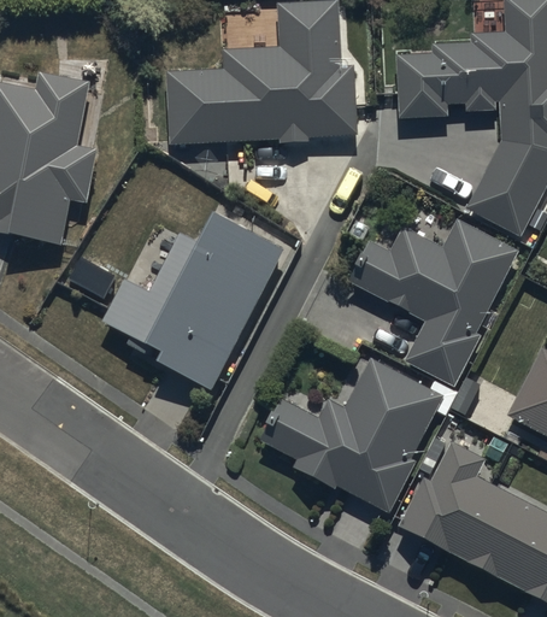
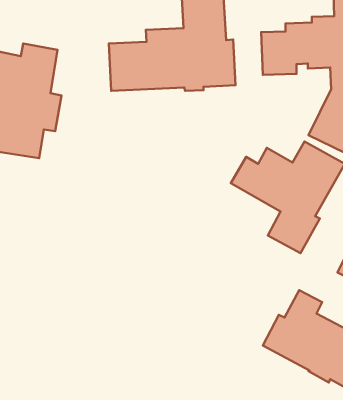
building: [100,216,282,393] -> none
building: [261,359,443,512] -> none

